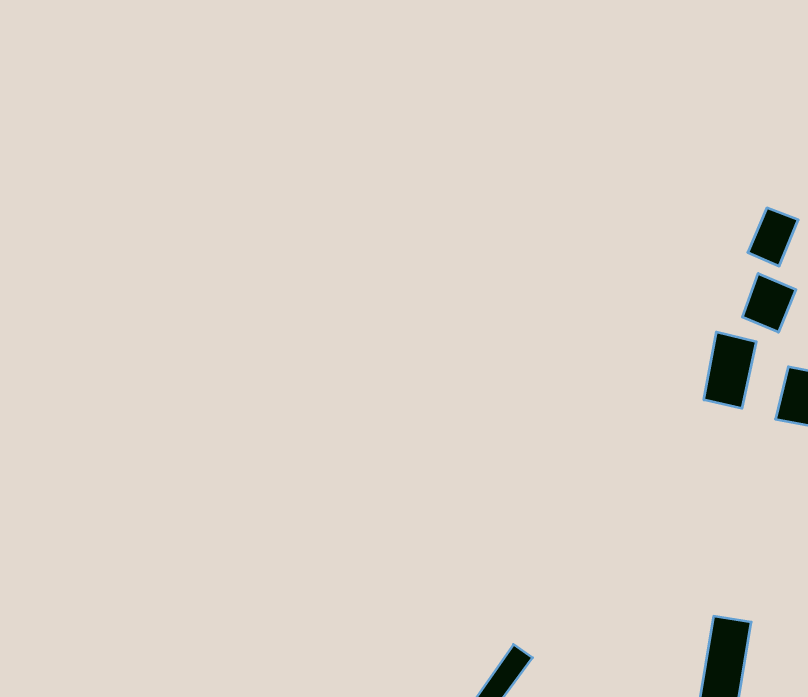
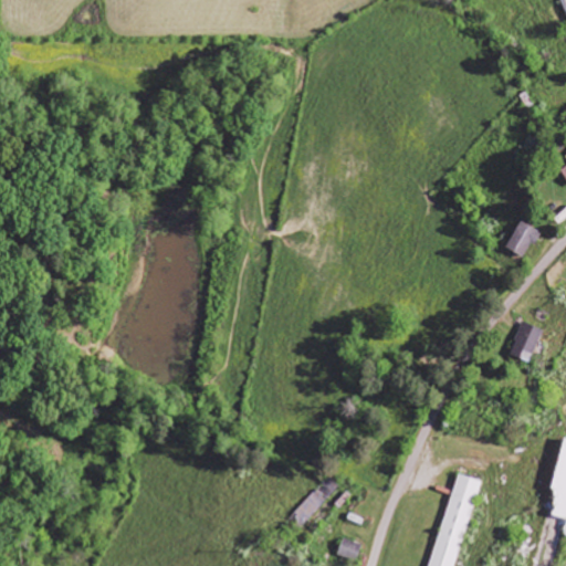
building: [742,273,796,332] -> none
building: [704,332,756,408] -> none

